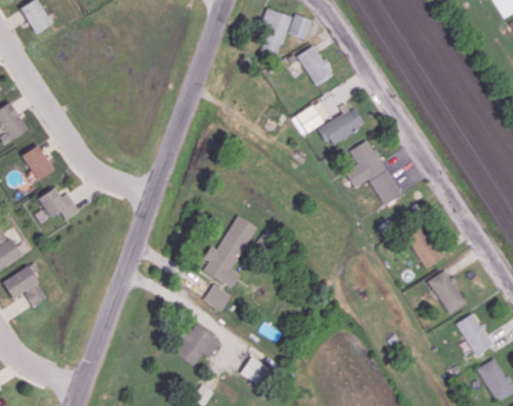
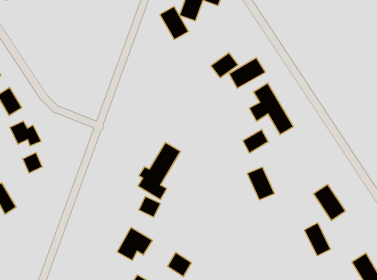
building: [297,44,333,86] -> [160,7,189,39]
building: none -> [243,129,268,153]
building: [407,226,442,268] -> [247,167,275,200]
building: none -> [23,153,42,173]
building: [458,313,491,355] -> [304,223,331,256]

